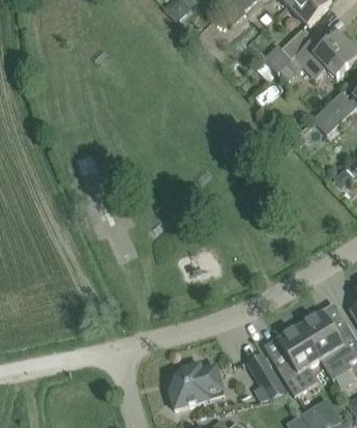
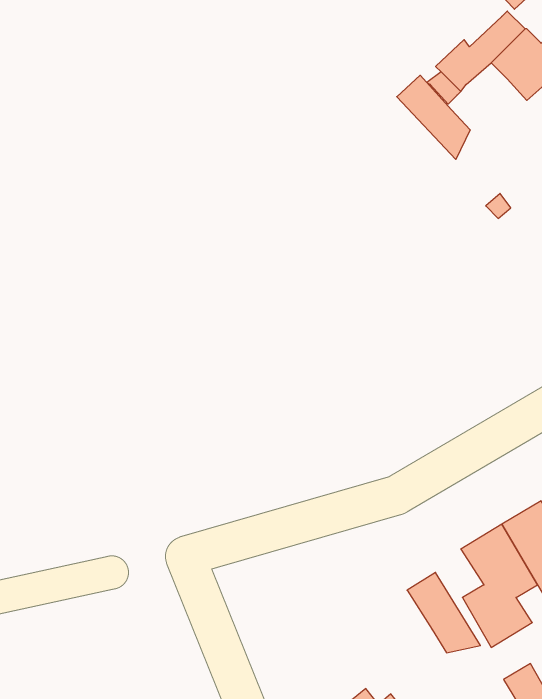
building: none -> [397,75,470,159]
building: [170,362,224,408] -> none

